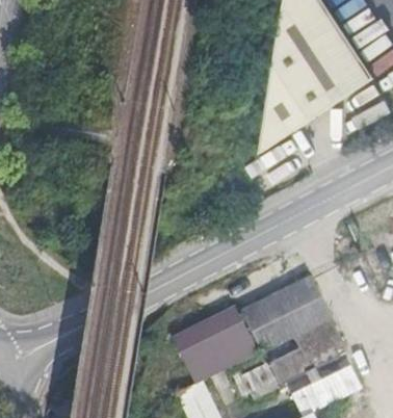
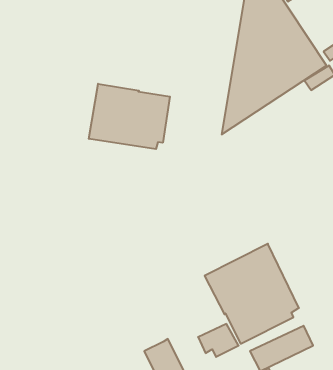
building: none -> [89,84,170,149]
building: [169,307,256,384] -> none

